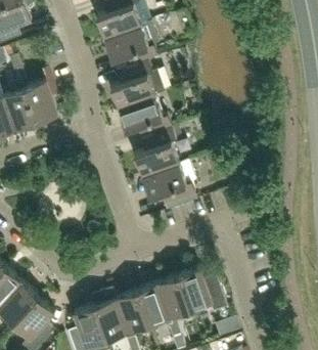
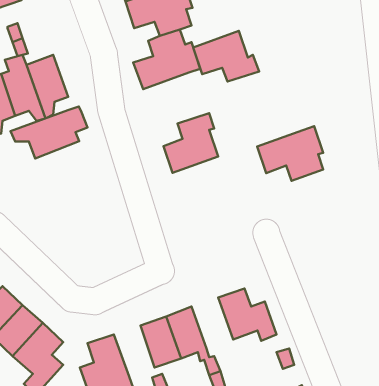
building: [118,94,171,135] -> [193,31,259,82]
building: none -> [11,106,88,159]
building: [141,159,194,203] -> [257,126,323,181]
building: [156,275,190,316] -> none
building: [91,287,127,339] -> none

